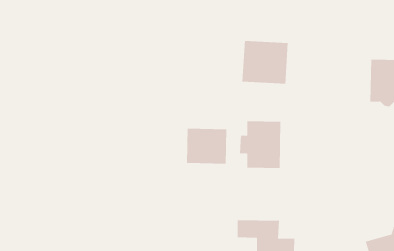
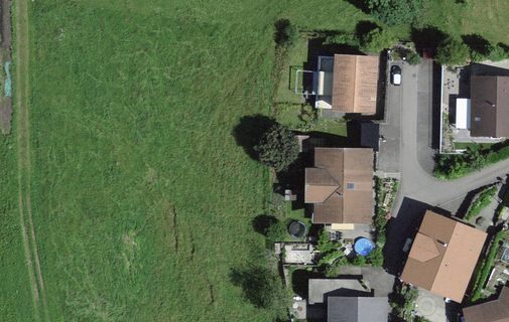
building: [186,128,227,164] -> none
building: none -> [406,219,478,291]

